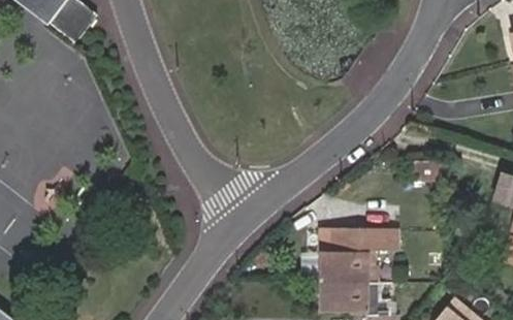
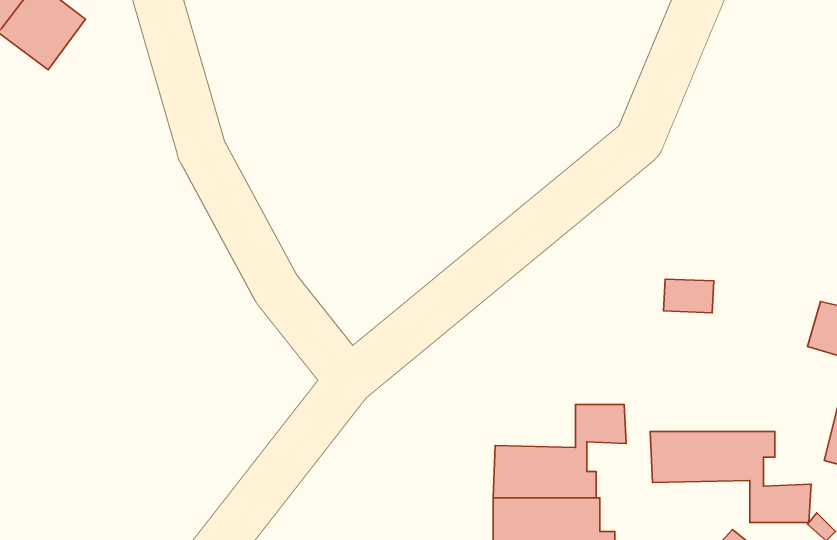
building: [322,229,366,254] -> none
building: none -> [650,432,811,522]

